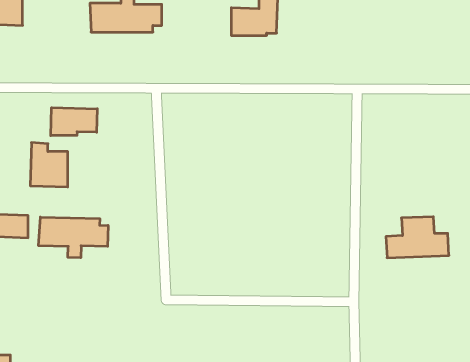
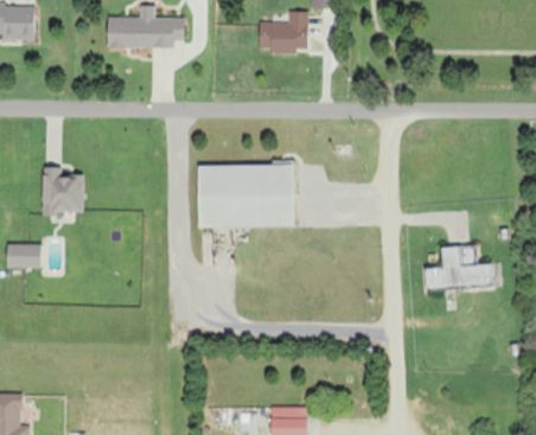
building: [51,108,97,136] -> none
building: none -> [197,164,293,226]
building: [39,217,108,258] -> none

